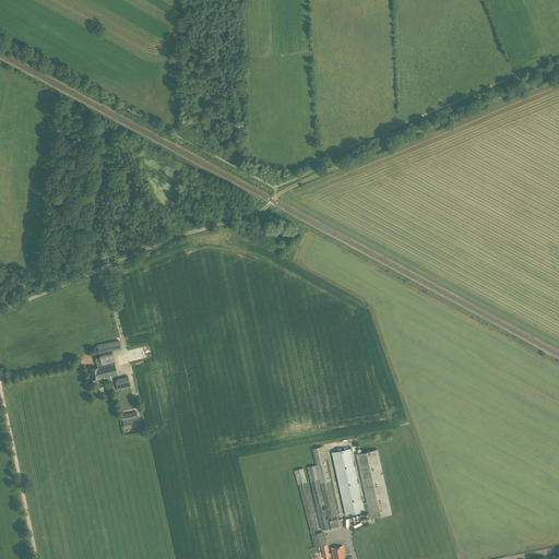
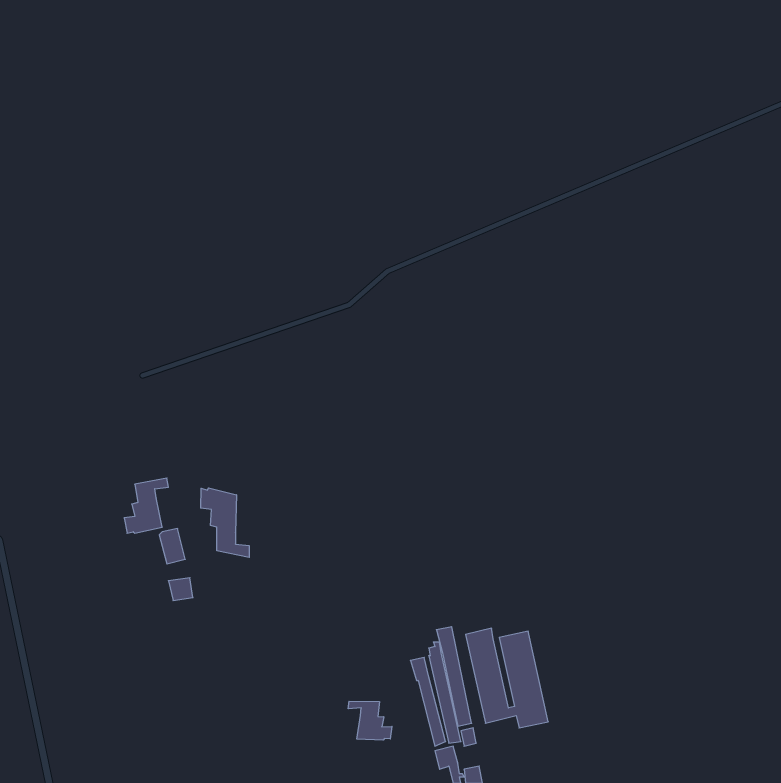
building: none -> [201,488,249,557]
building: none -> [348,701,392,740]

